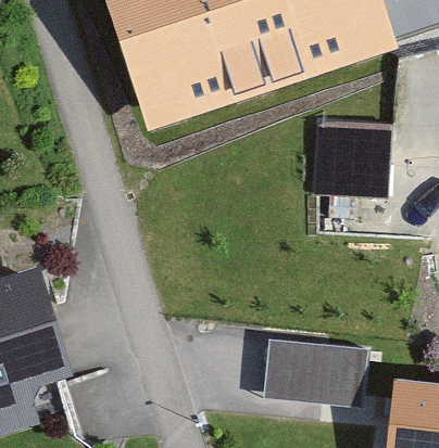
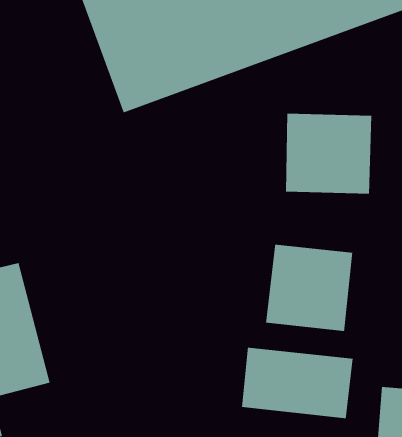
building: none -> [265,244,353,332]

